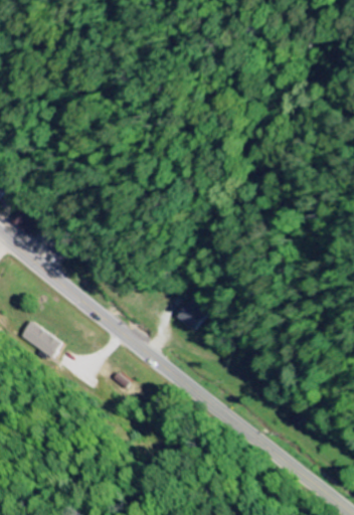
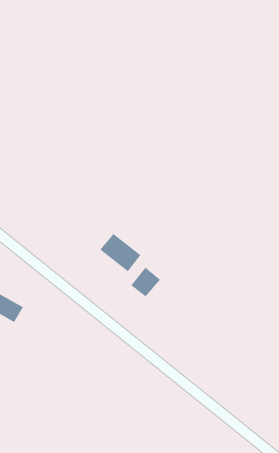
building: none -> [100,233,141,272]

